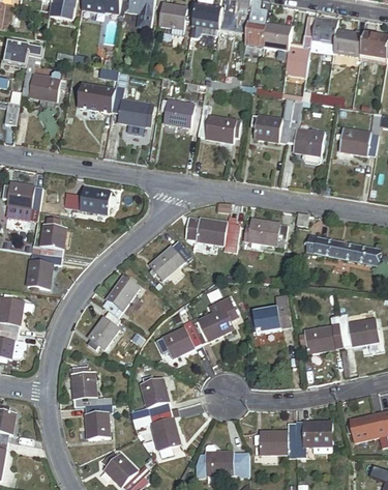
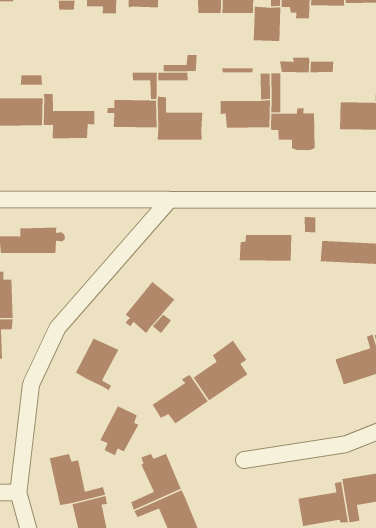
building: [188,219,240,253] -> none
building: [251,298,288,333] -> none
building: [92,312,125,351] -> [99,405,140,457]

